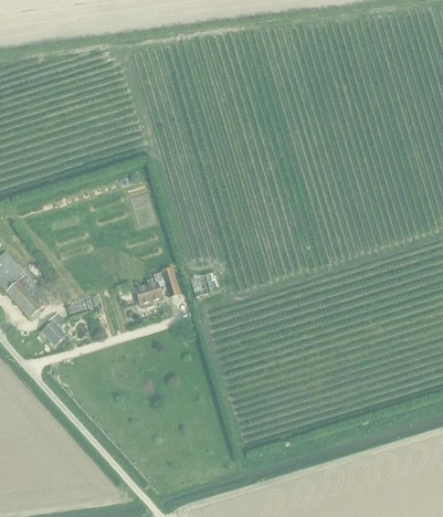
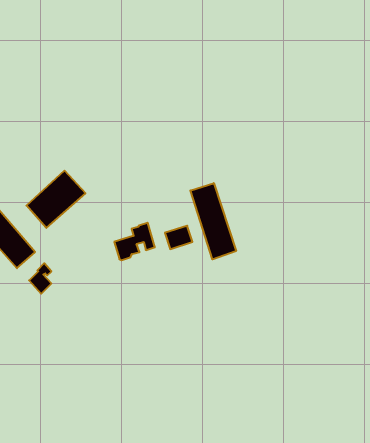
building: none -> [26,171,85,228]
building: none -> [190,183,236,259]

